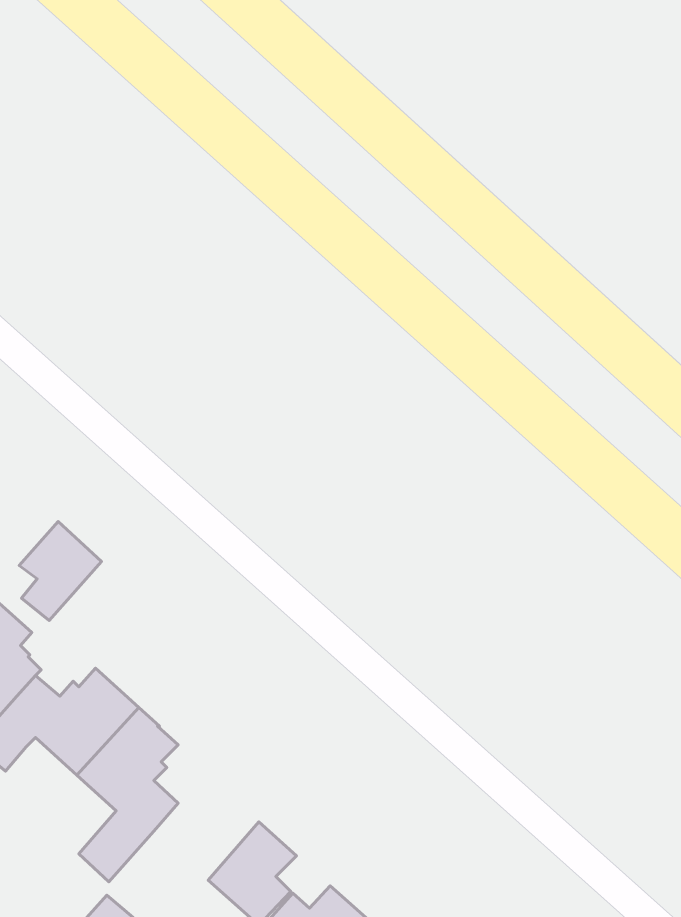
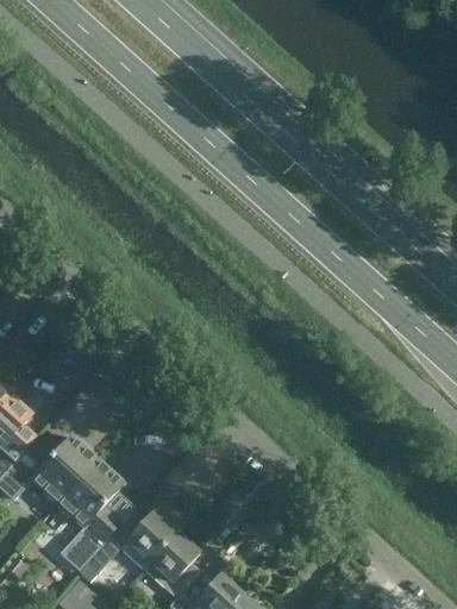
building: [19,521,102,620] -> none
building: none -> [79,513,175,582]

